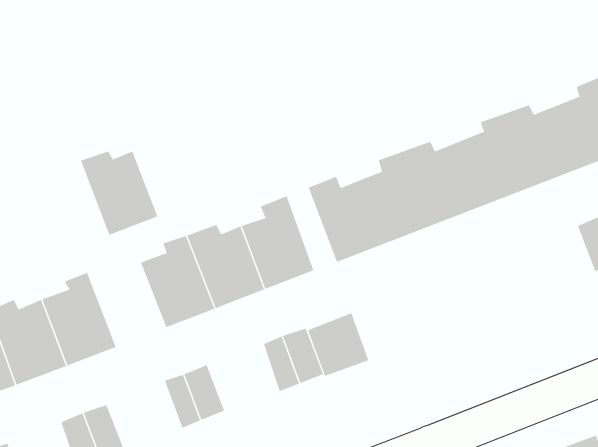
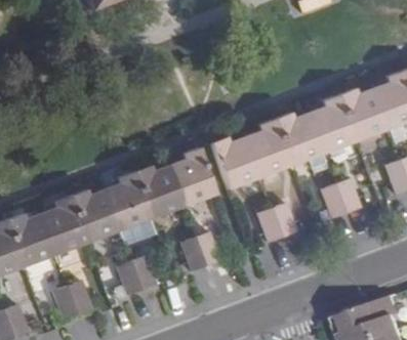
building: [80,151,158,236] -> [68,189,118,244]
building: none -> [317,178,359,220]
building: [307,313,369,377] -> [255,202,295,243]

